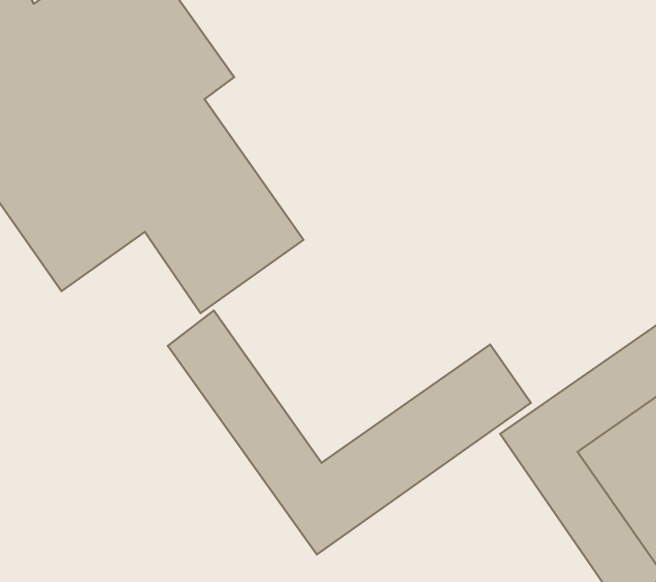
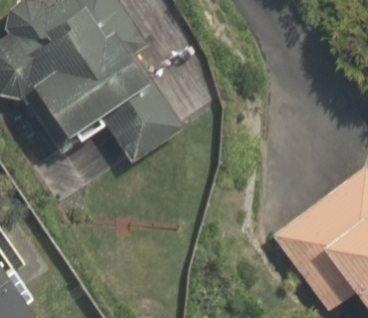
building: [168,311,531,554] -> none

